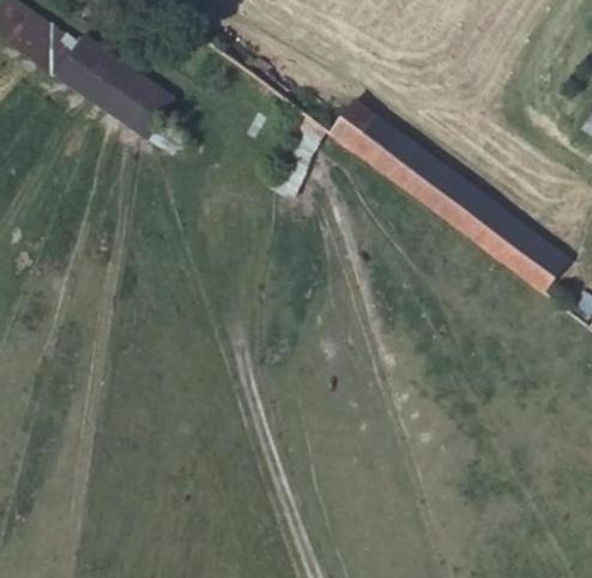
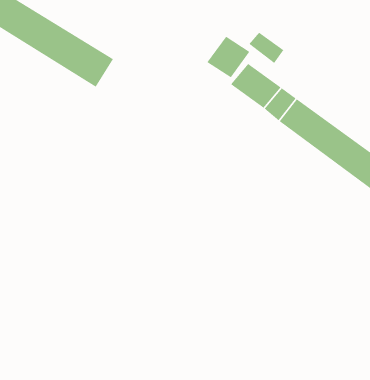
building: none -> [248,32,284,64]
building: none -> [207,36,250,78]

